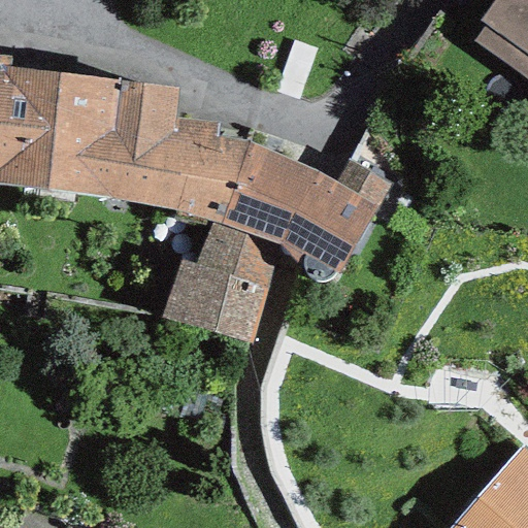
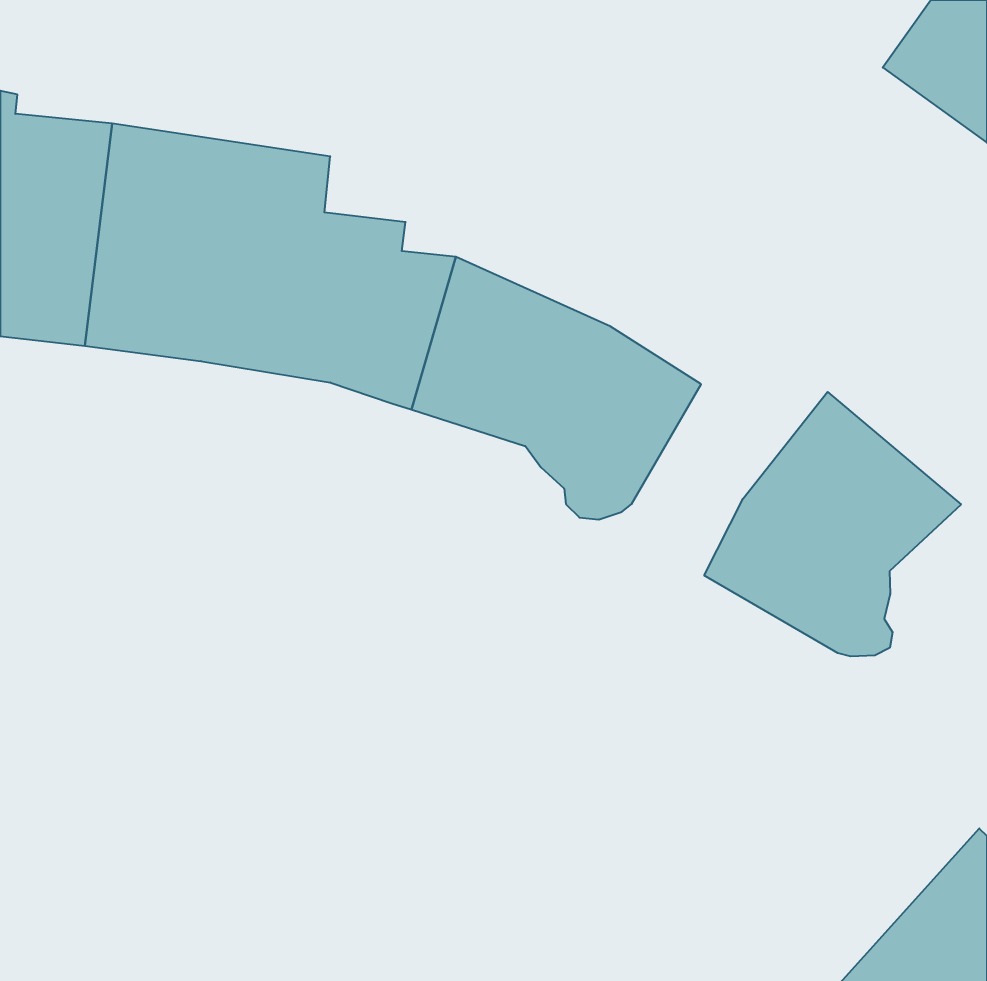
building: none -> [704,392,961,656]
building: [162,219,280,342] -> none

